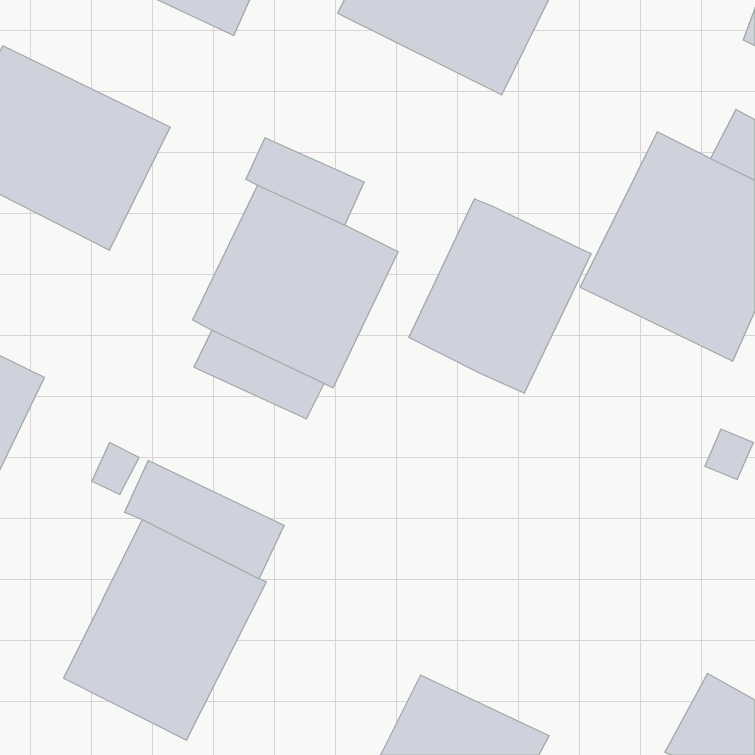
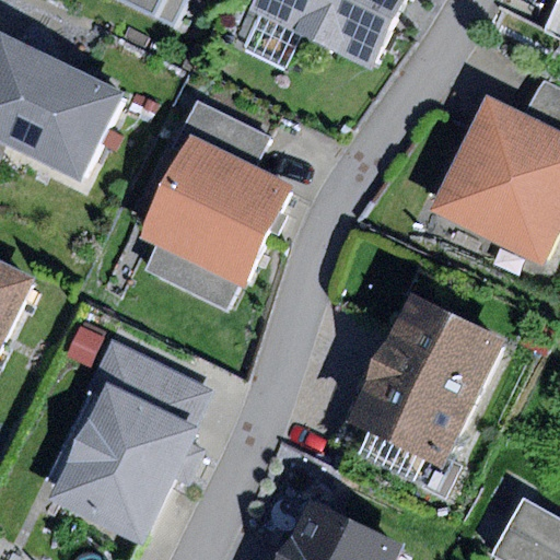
building: [409,199,591,393] -> none
building: none -> [348,293,505,469]

